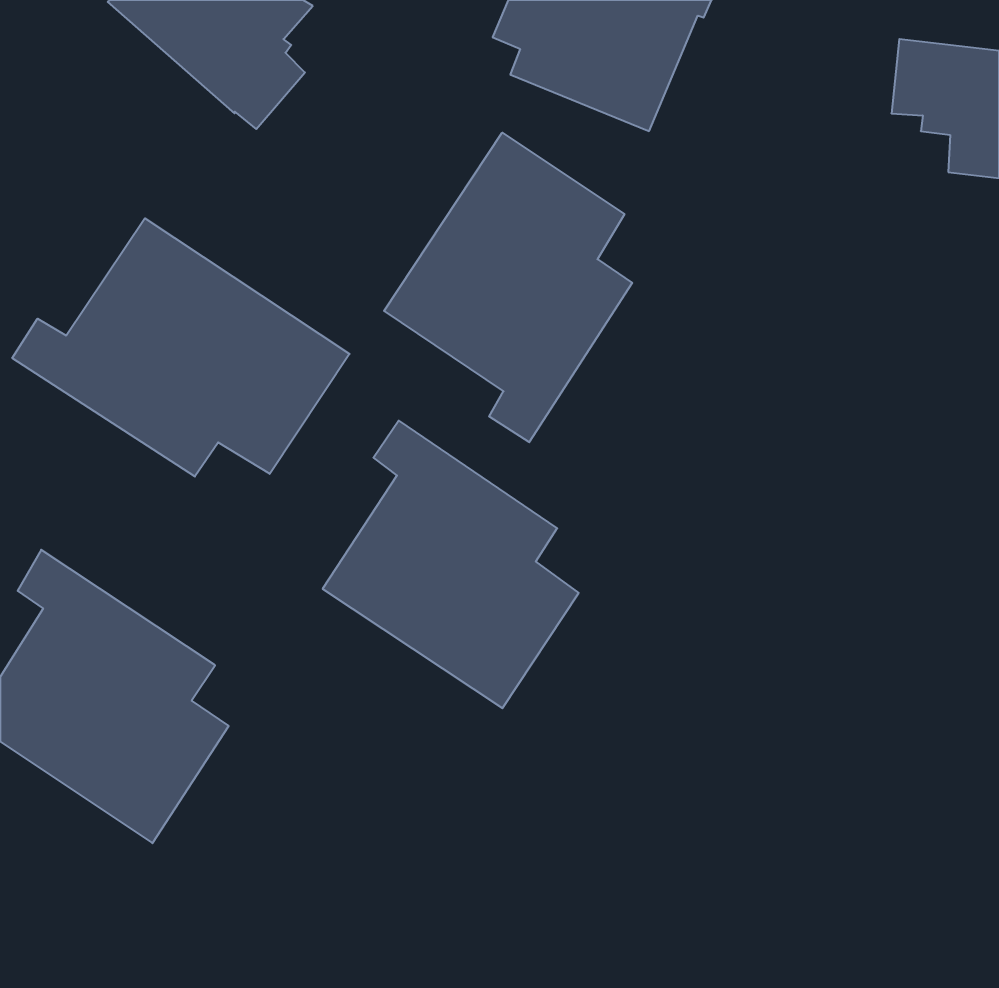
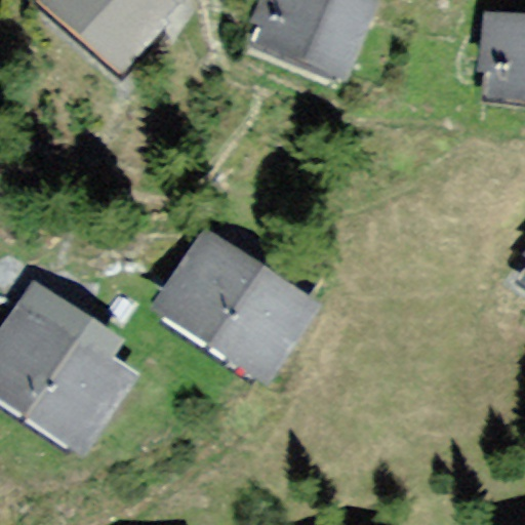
building: [384,133,632,442] -> none
building: [12,218,350,477] -> none

